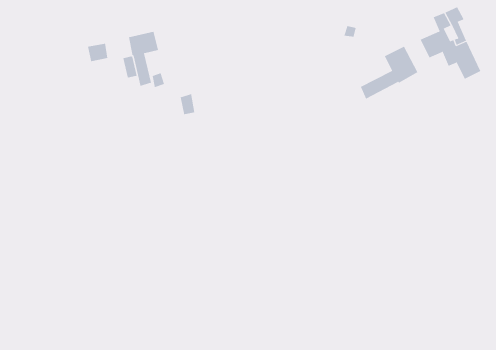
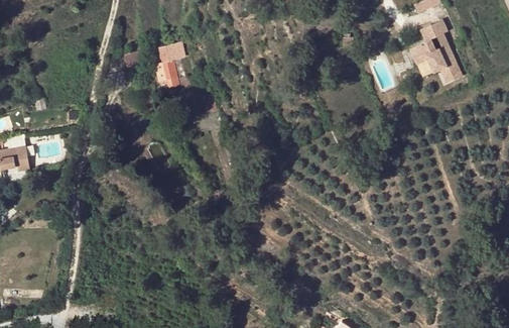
building: [360,46,418,99] -> none

